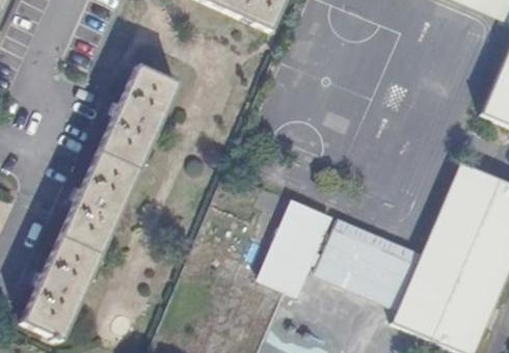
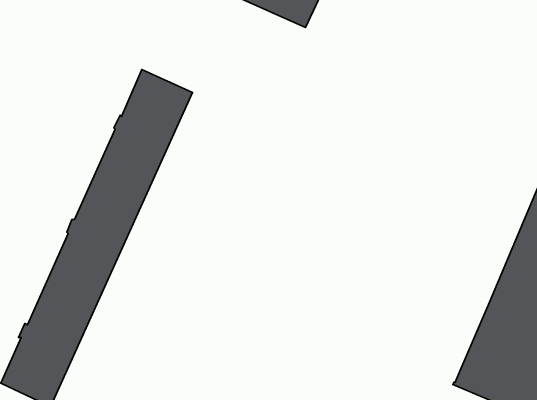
building: [258,199,329,297] -> none
building: [316,219,422,305] -> none

